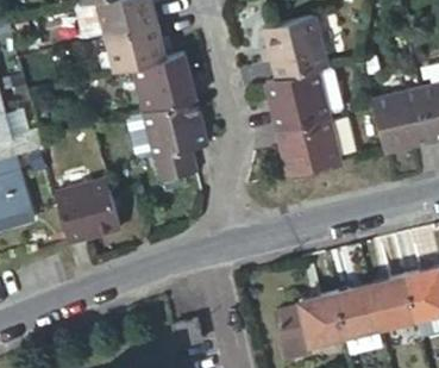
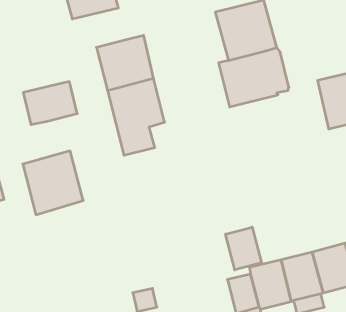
building: [107,21,165,68] -> [23,82,77,125]
building: [277,116,341,175] -> none
building: none -> [226,227,261,270]

